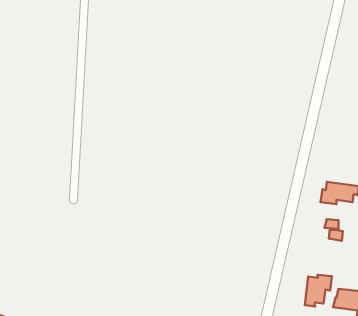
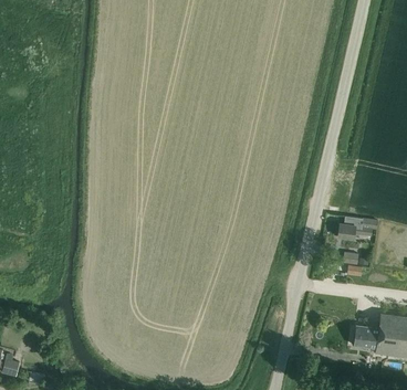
building: [305,275,332,307] -> none

